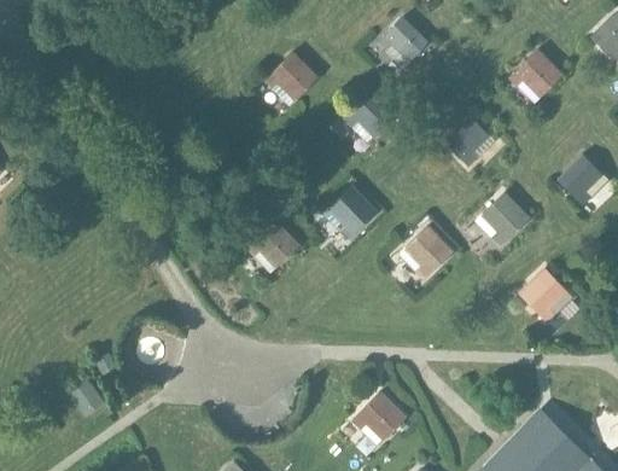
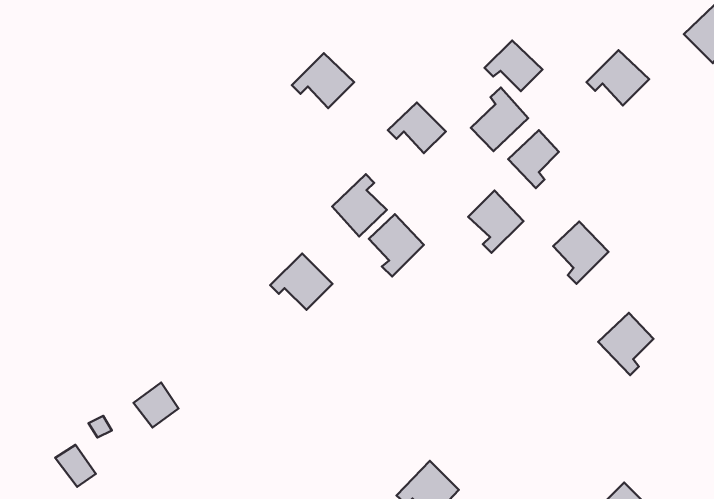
building: [379,18,427,60] -> [485,40,543,91]
building: none -> [471,88,528,151]
building: none -> [332,174,387,236]
building: [559,156,602,204] -> none
building: [406,227,451,279] -> [468,191,523,253]

